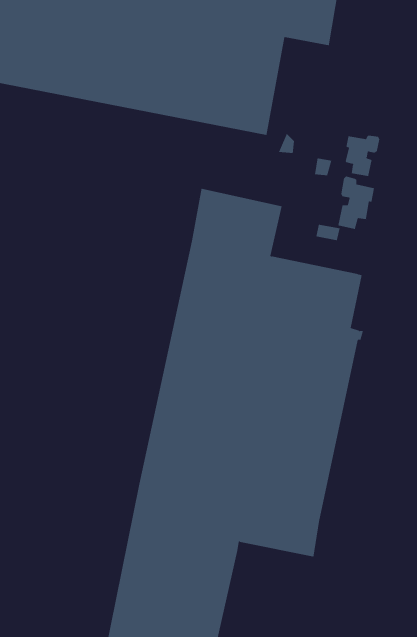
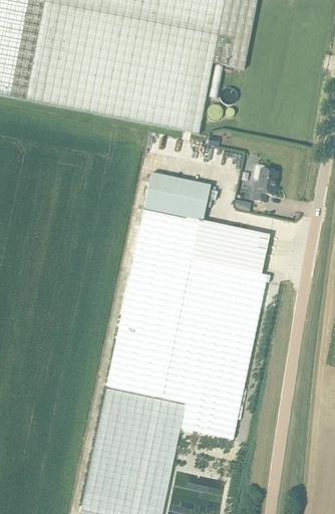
building: [344,135,380,177] -> none

